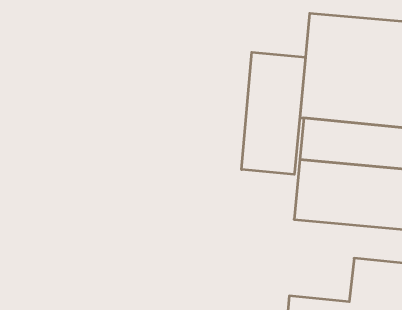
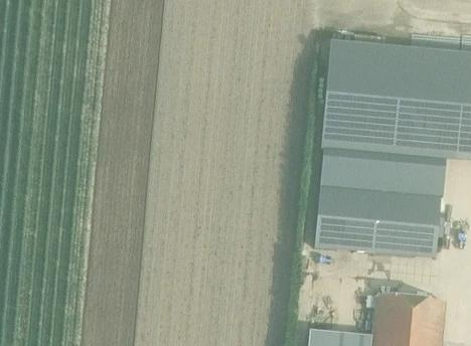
building: [242,52,306,174] -> none

